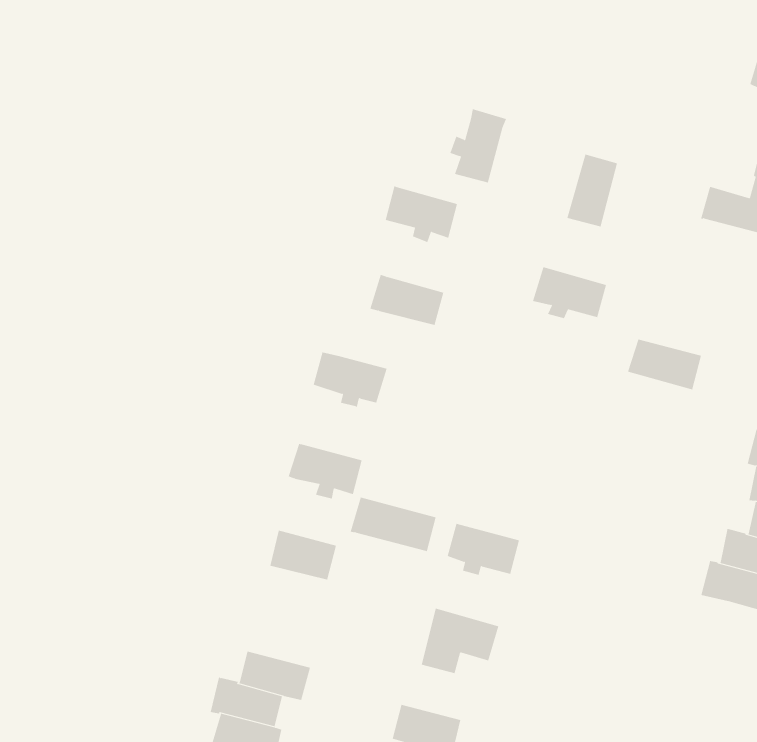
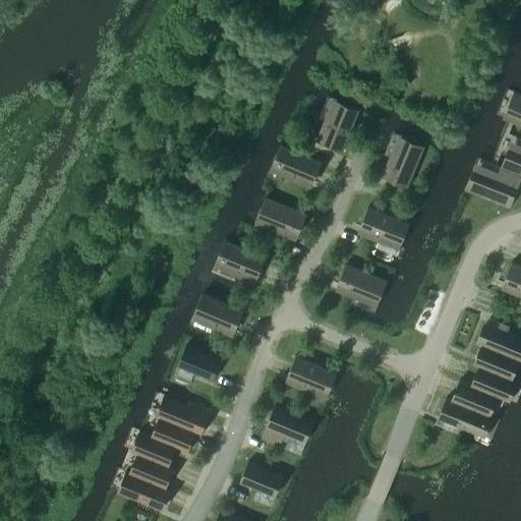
building: [627,339,702,390] -> [337,267,384,302]
building: [350,497,436,552] -> [155,398,209,437]

